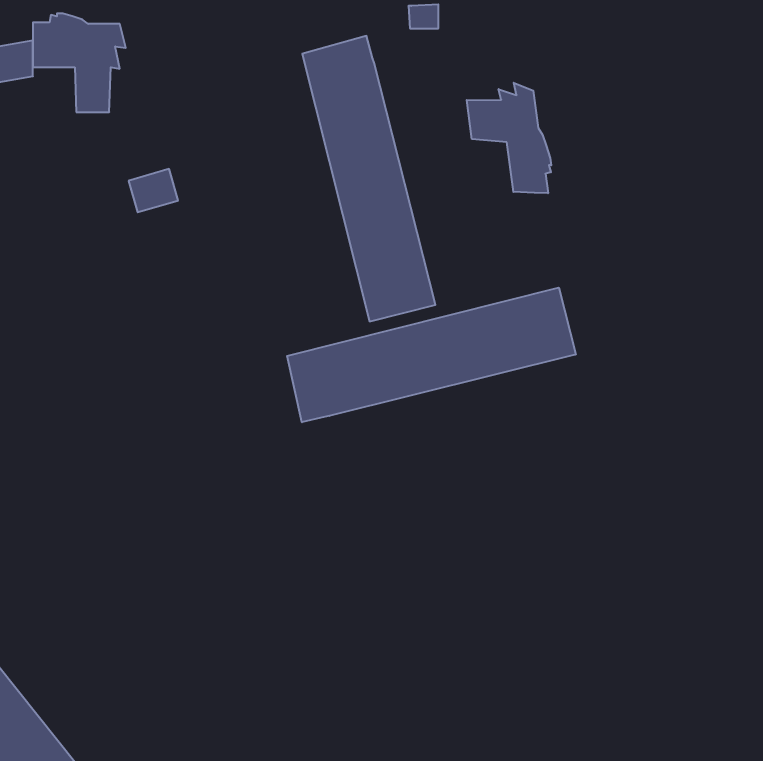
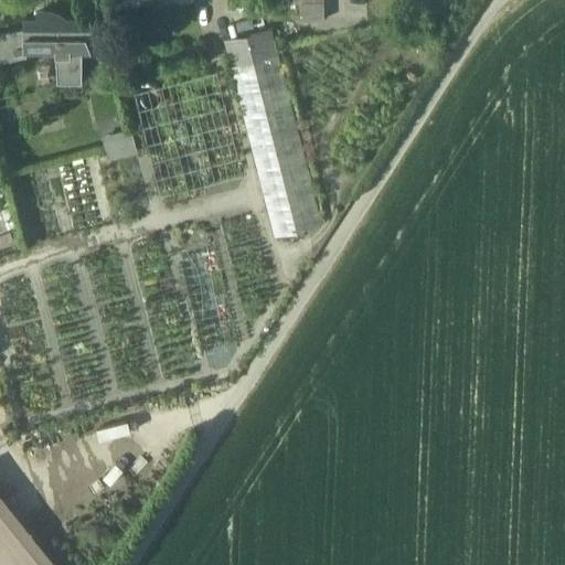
building: [467,83,551,193] -> none
building: [287,288,576,422] -> none

